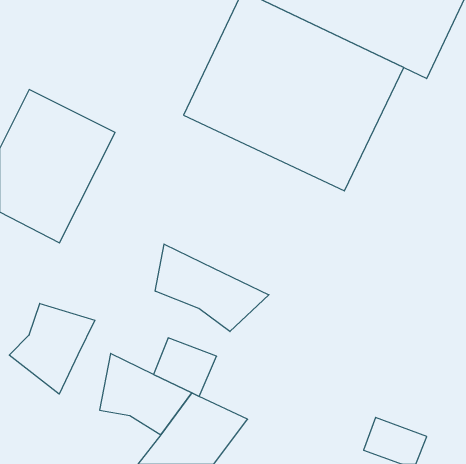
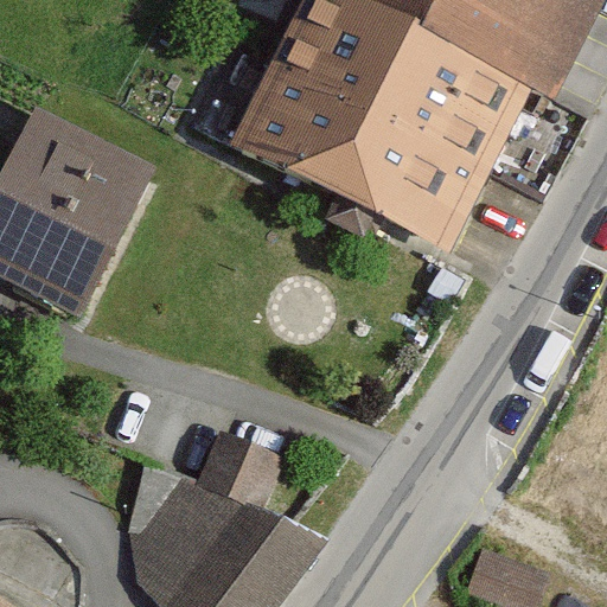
building: [155,244,269,332] -> none
building: [9,303,95,394] -> none

